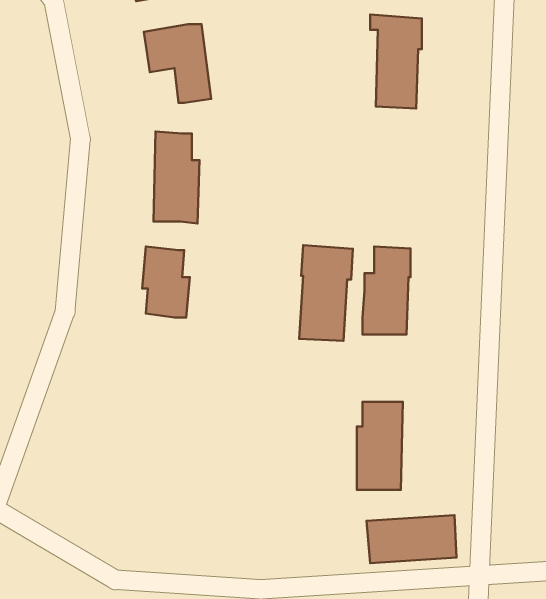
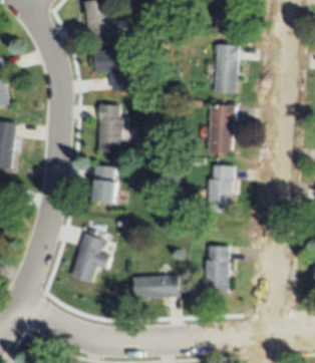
building: [299,245,353,341] -> [208,103,236,153]
building: none -> [71,234,110,282]
building: [366,515,456,563] -> [132,274,180,299]

